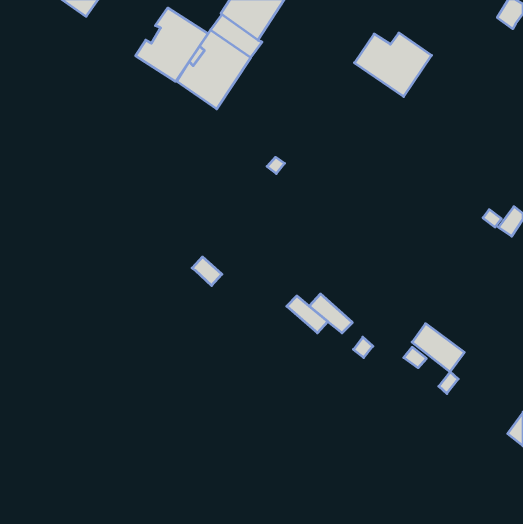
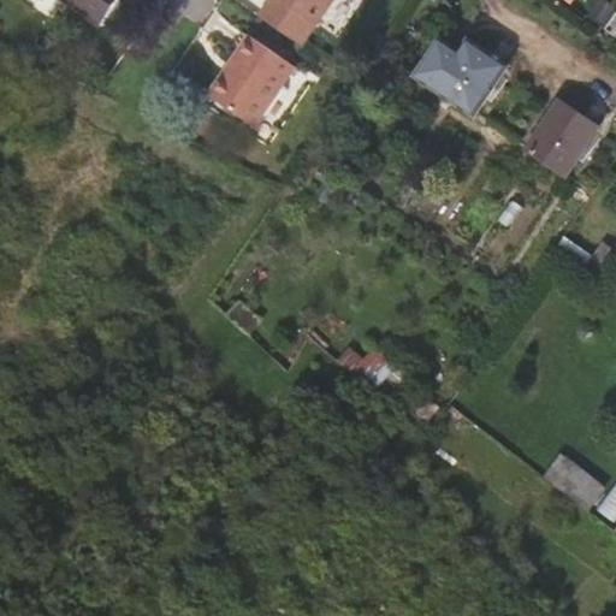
building: [136,8,208,81] -> none
building: none -> [526,100,597,174]
building: [412,324,464,372] -> [544,454,605,510]

